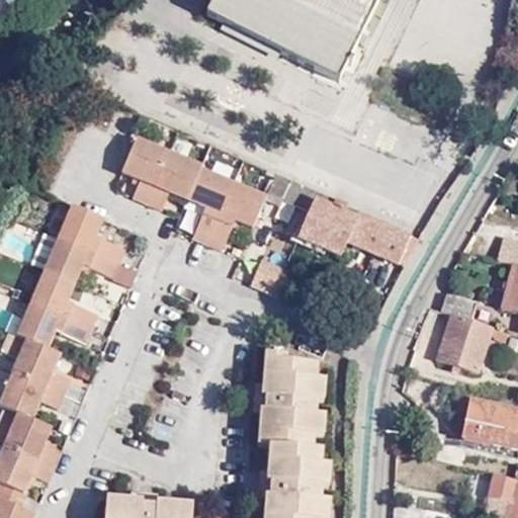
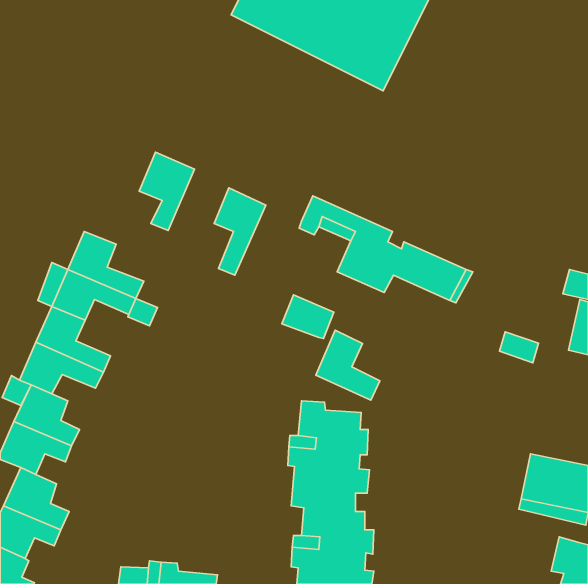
building: [148,149,202,208] -> none
building: [206,180,265,249] -> none
building: none -> [316,330,380,400]
building: [434,315,491,373] -> none

